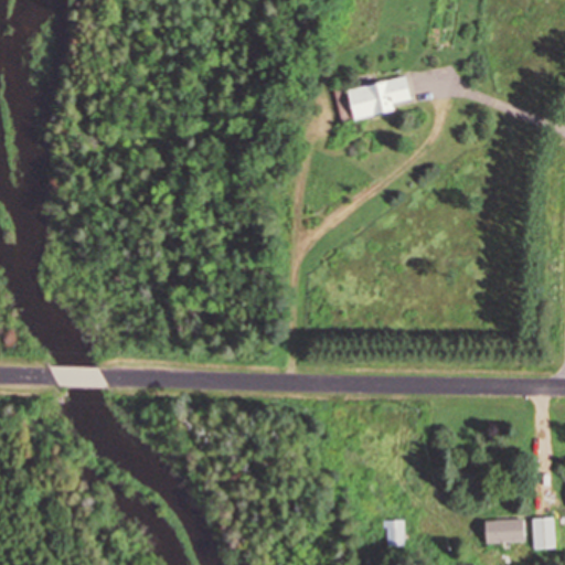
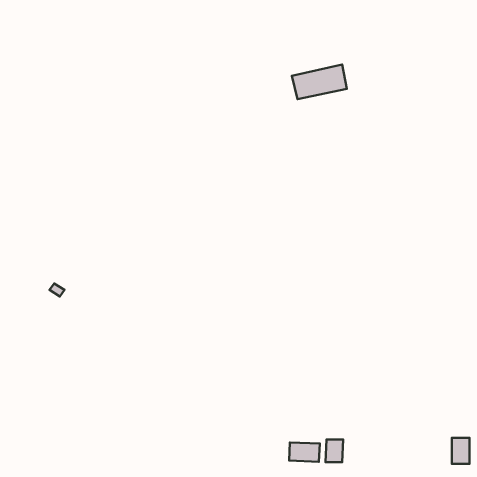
building: [483,519,525,542] -> none
building: none -> [289,442,320,462]

